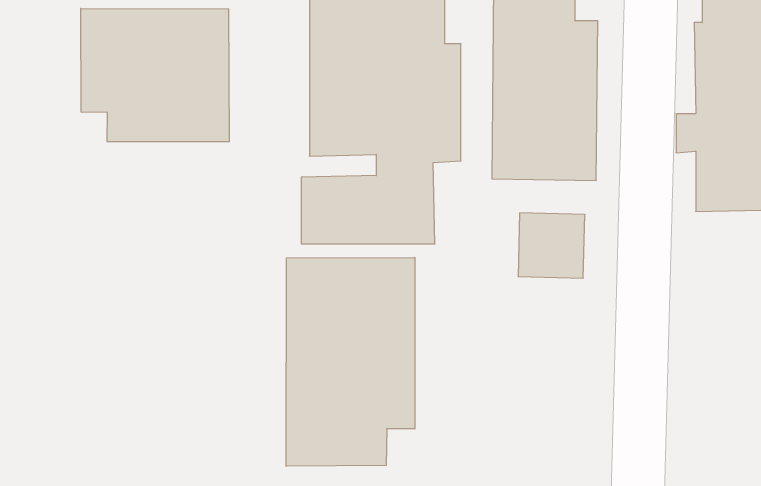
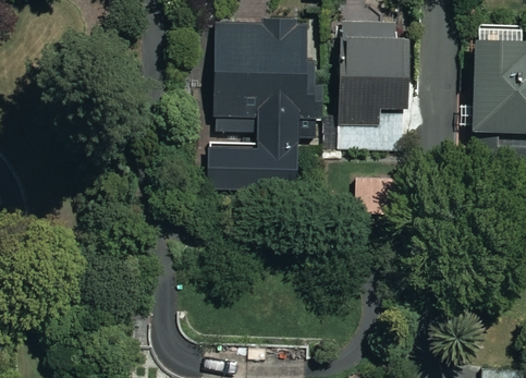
building: [81,8,229,142] -> none
building: [286,257,415,466] -> none

